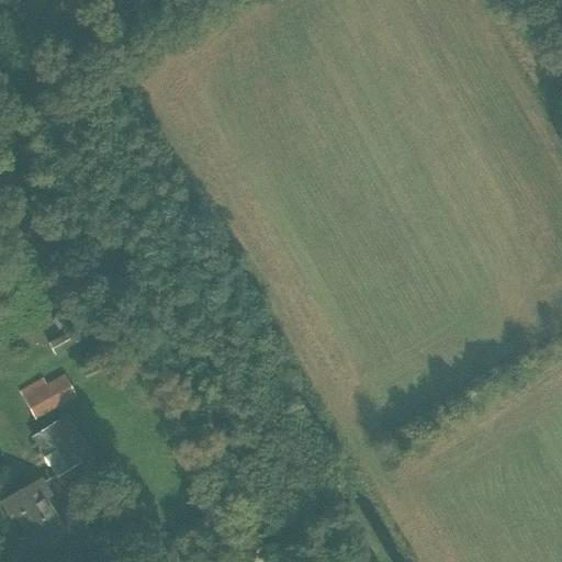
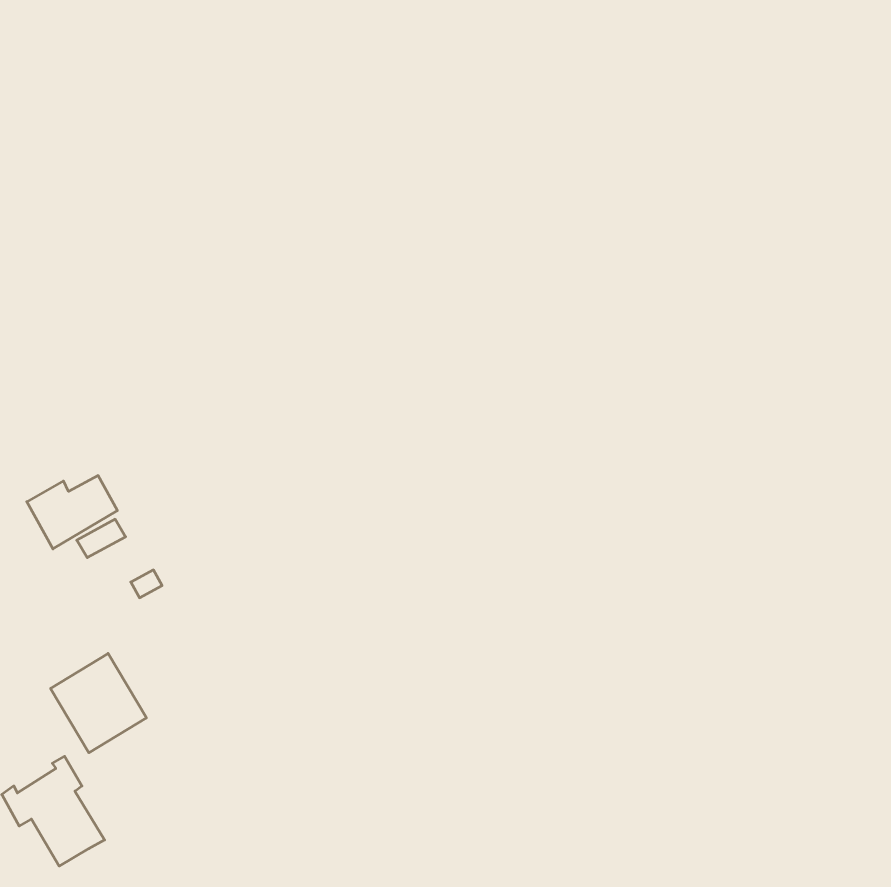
building: [19,372,76,418] -> [27,476,117,549]

